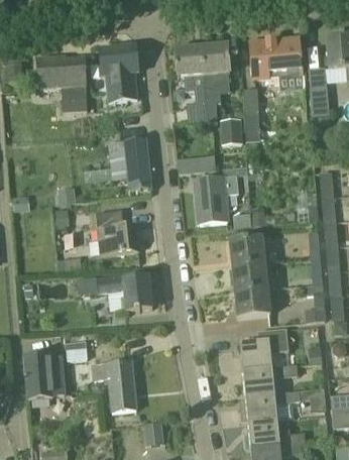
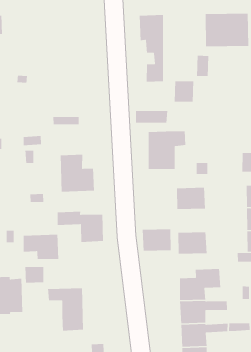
building: [203,43,229,122] -> none
building: [100,44,138,102] -> none
building: [36,56,87,112] -> none
building: [124,138,152,191] -> none
building: [232,263,267,292] -> [142,228,171,252]
building: none -> [23,234,59,260]

